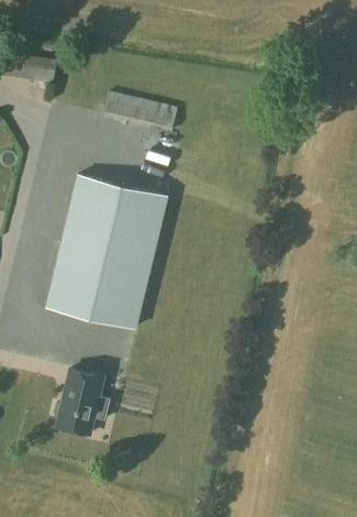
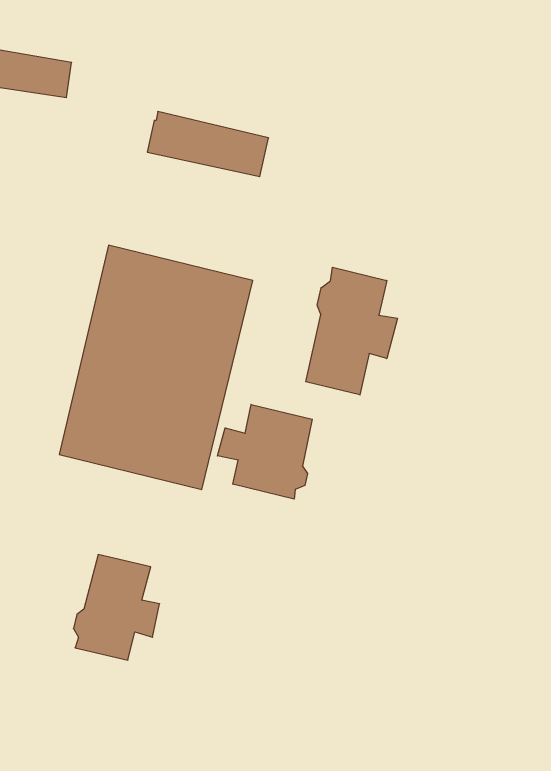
building: none -> [306,267,397,395]
building: none -> [217,404,312,499]

